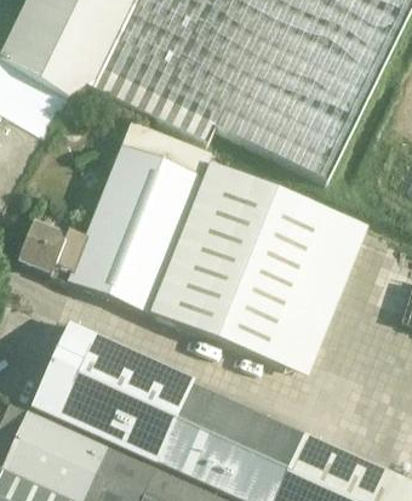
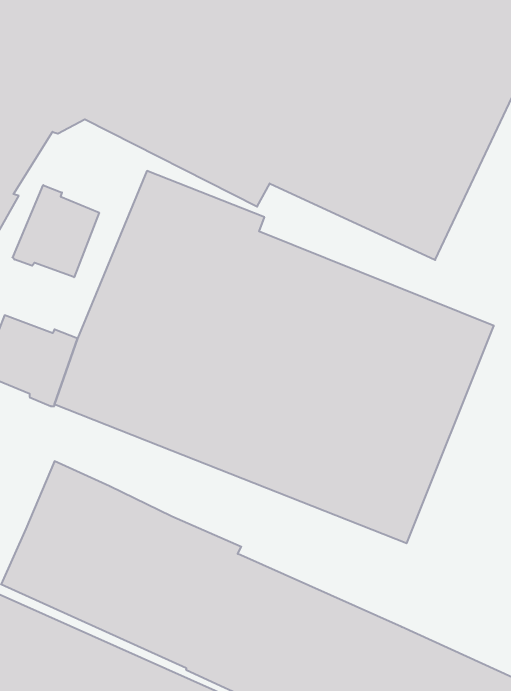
building: none -> [12,185,99,277]

